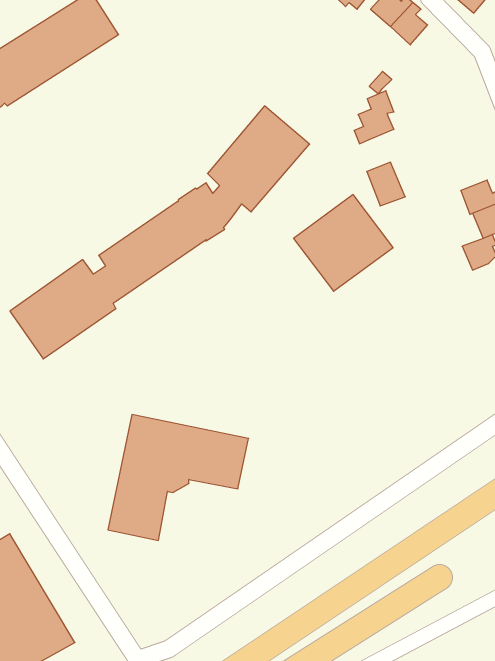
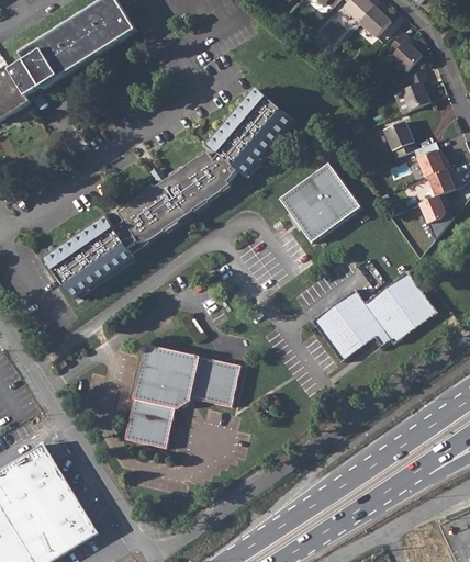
building: none -> [387,34,422,72]
building: [354,91,394,144] -> [396,70,429,114]
building: [367,162,405,206] -> [384,122,416,158]
building: none -> [311,271,437,362]

